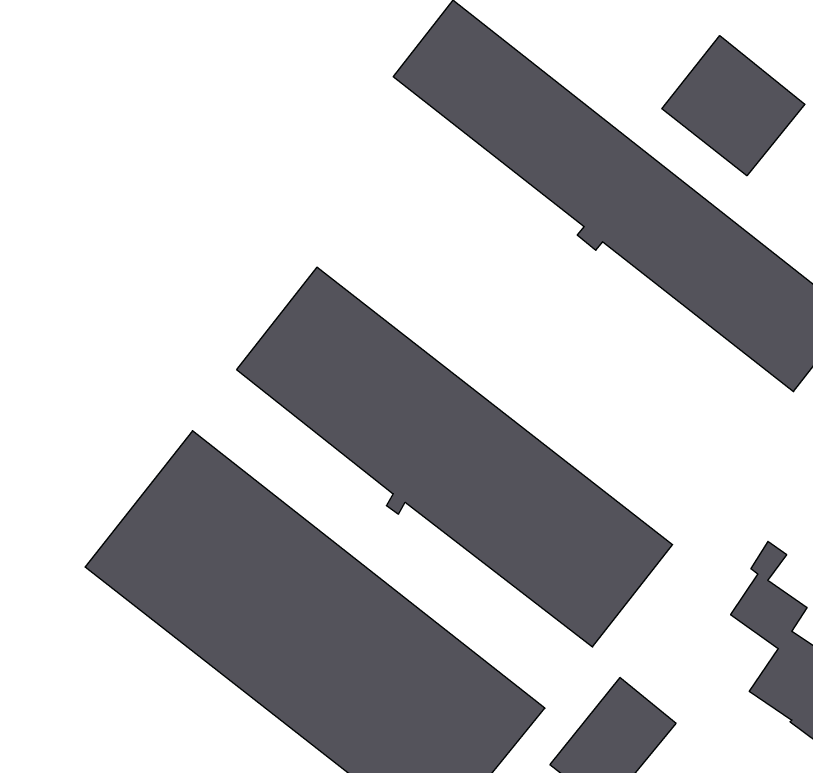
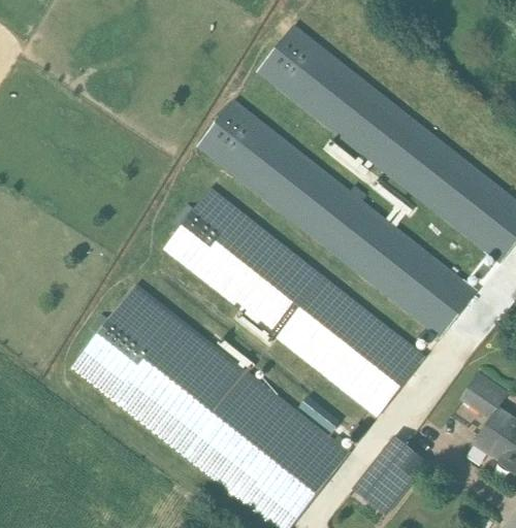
building: [662,36,805,176] -> none
building: none -> [198,100,477,337]

